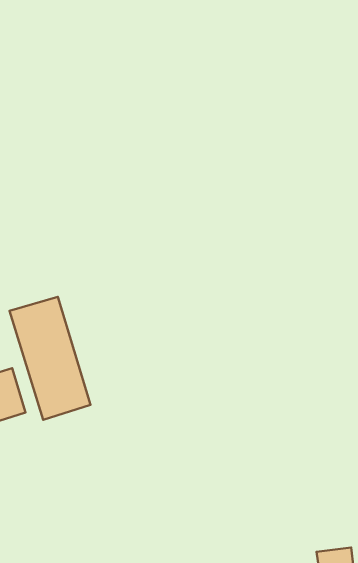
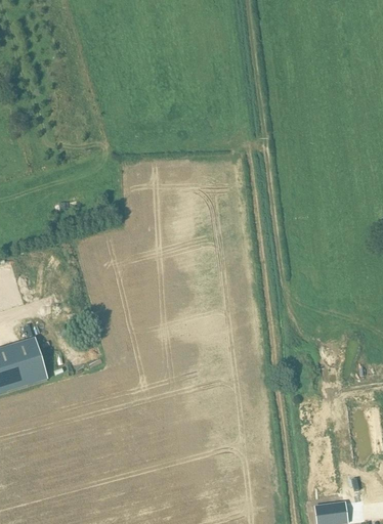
building: [10,297,91,420] -> none

